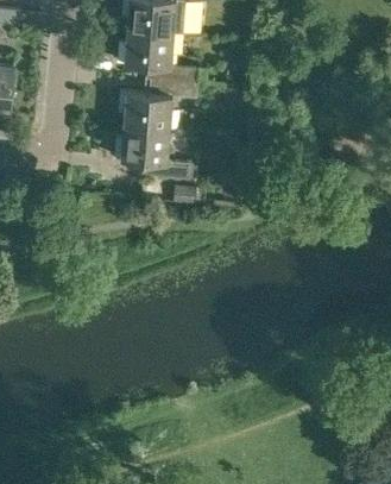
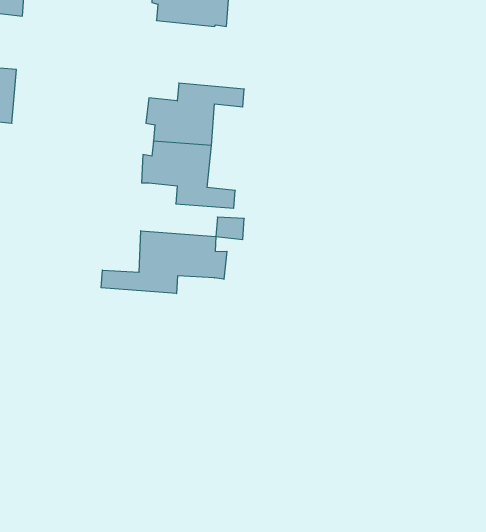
building: [118,27,197,82] -> none
building: none -> [101,231,227,294]

